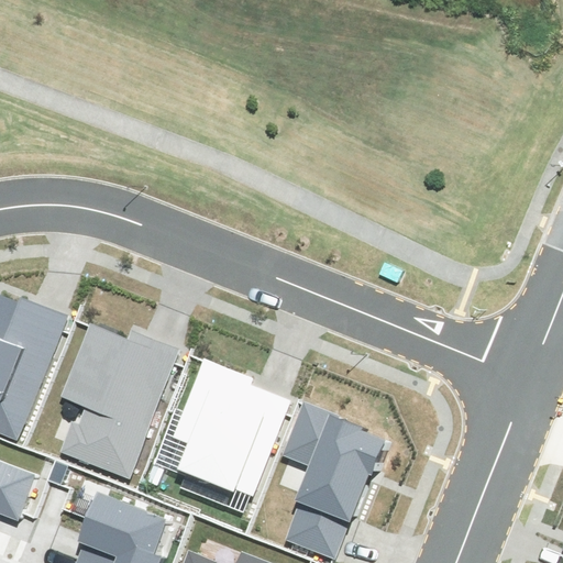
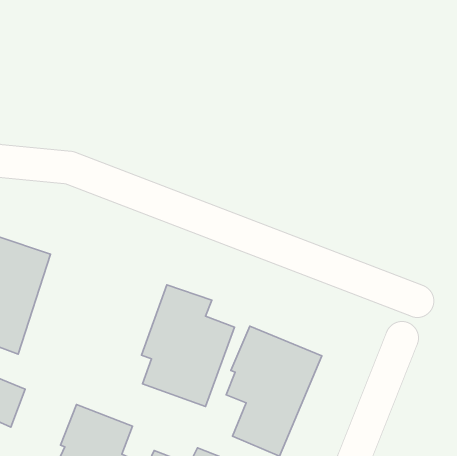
building: [58,323,180,476] -> none

